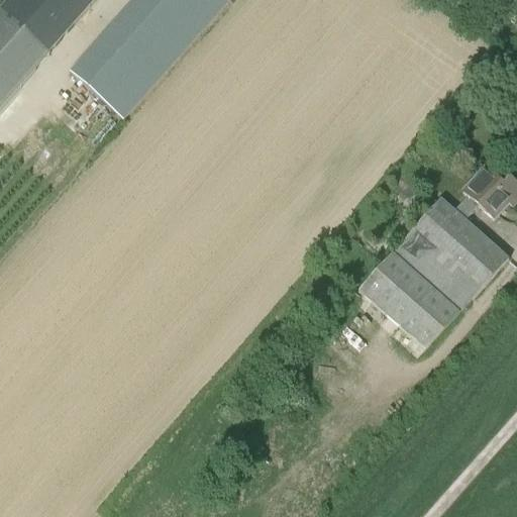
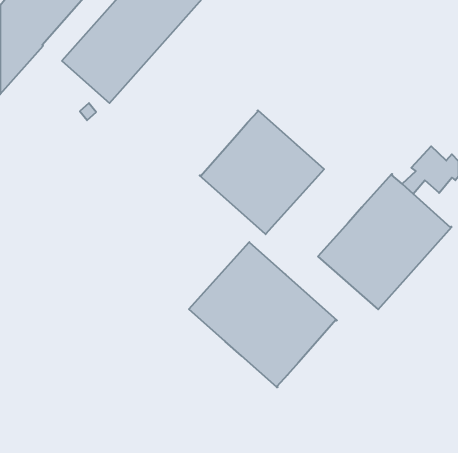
building: none -> [200,110,324,234]
building: none -> [189,242,337,387]

